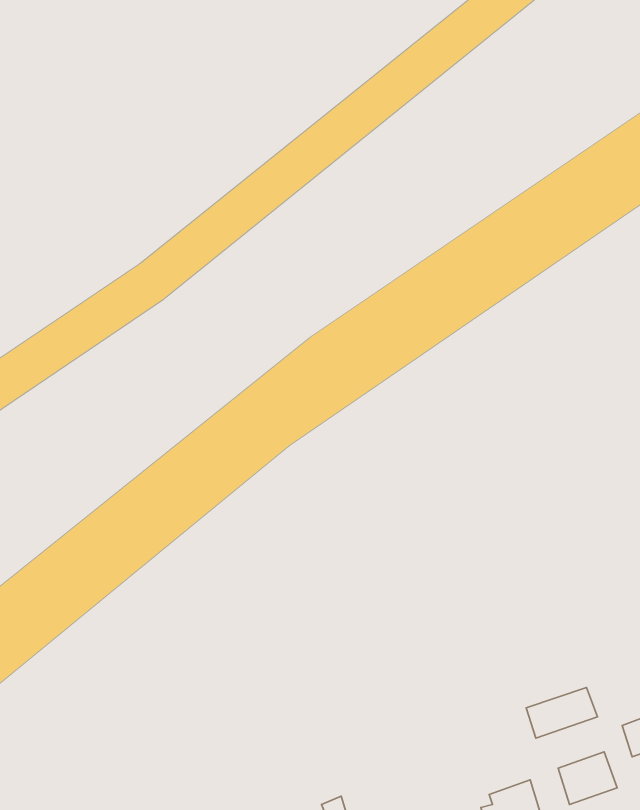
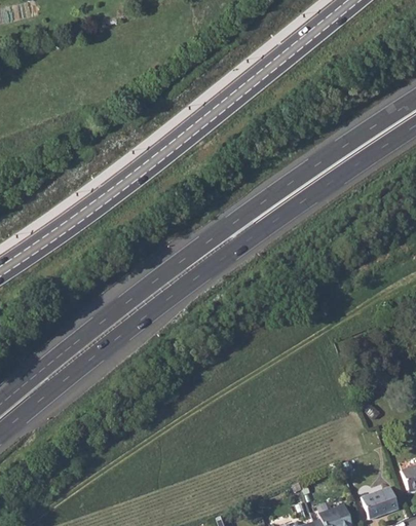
building: [526,688,598,738] -> none

